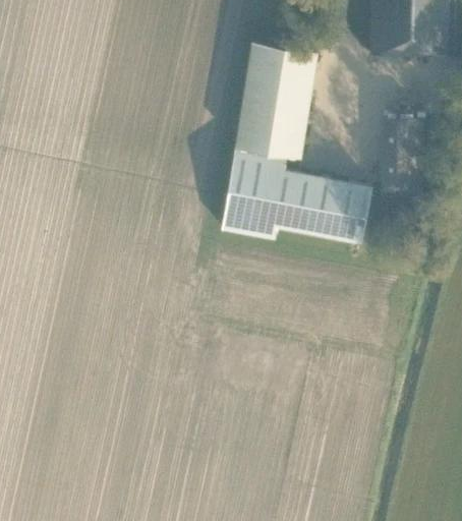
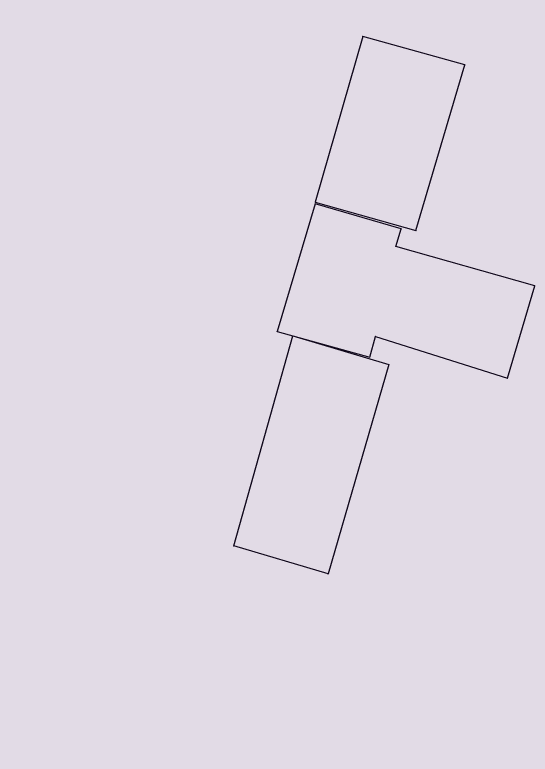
building: none -> [234,336,389,574]

